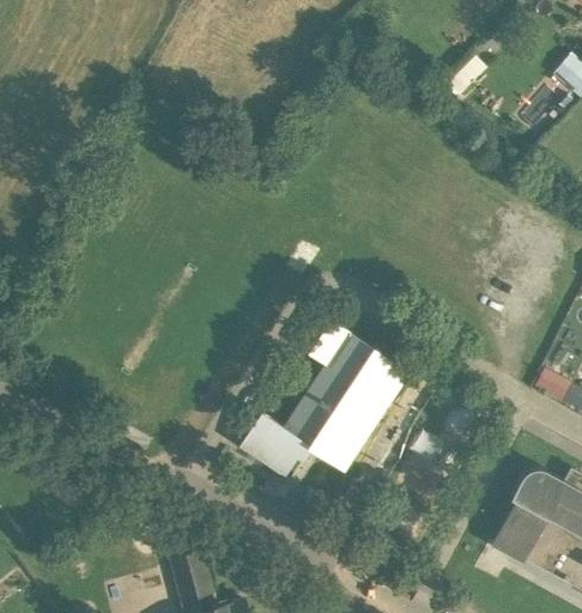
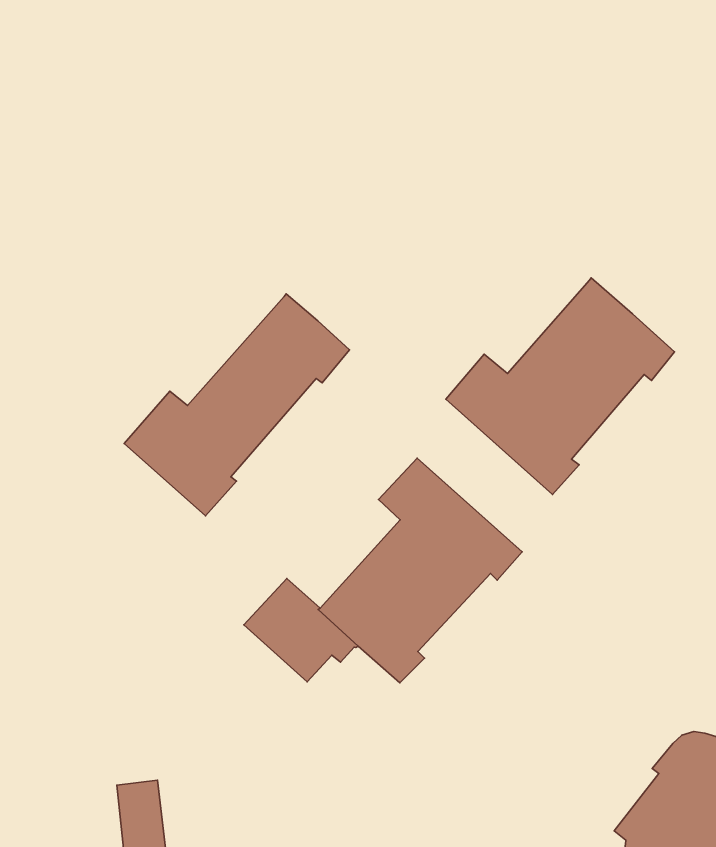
building: none -> [446,278,674,494]
building: none -> [124,294,349,516]

